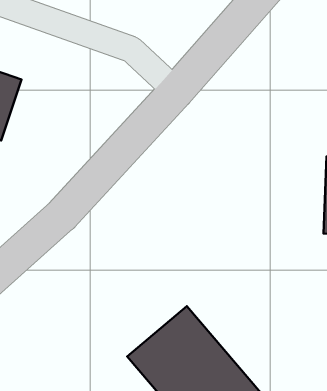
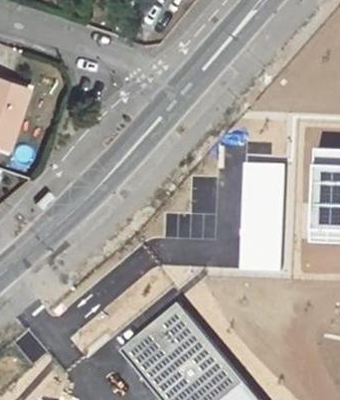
building: none -> [237,166,281,273]

